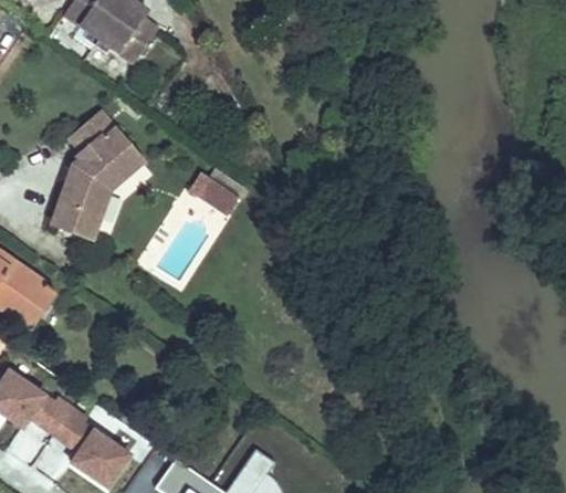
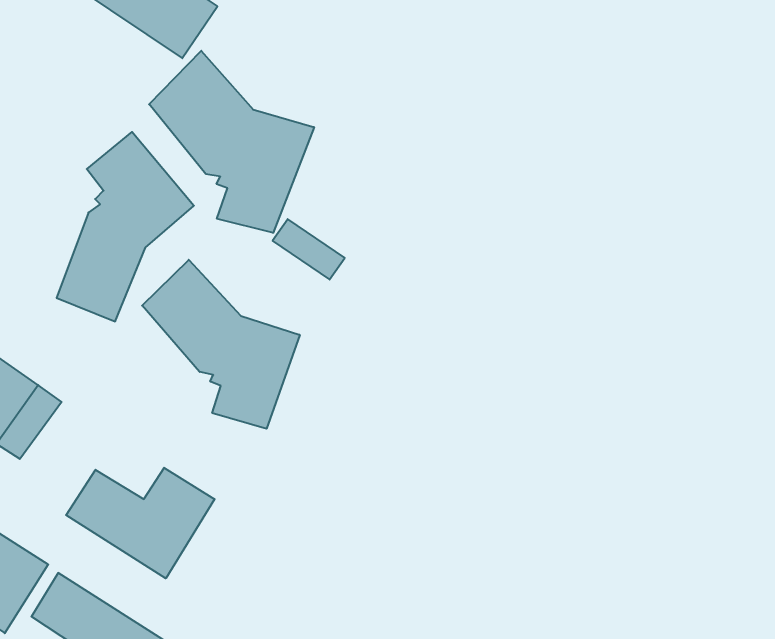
building: none -> [149,51,314,233]
building: none -> [142,260,300,429]
building: none -> [66,468,215,578]

